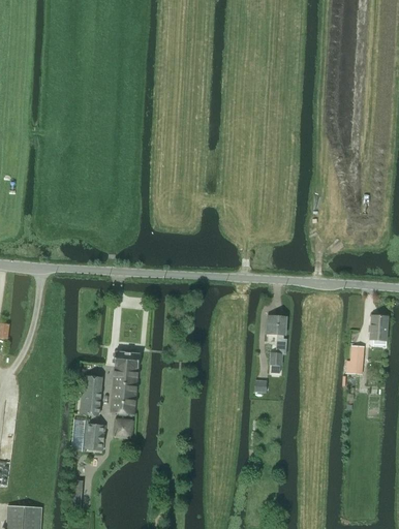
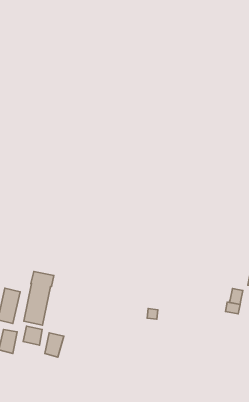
building: [267,314,287,371] -> none
building: none -> [45,333,64,357]

